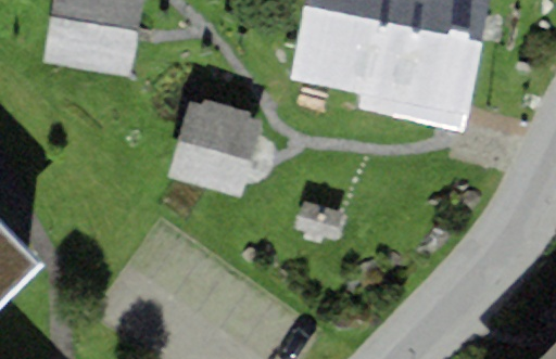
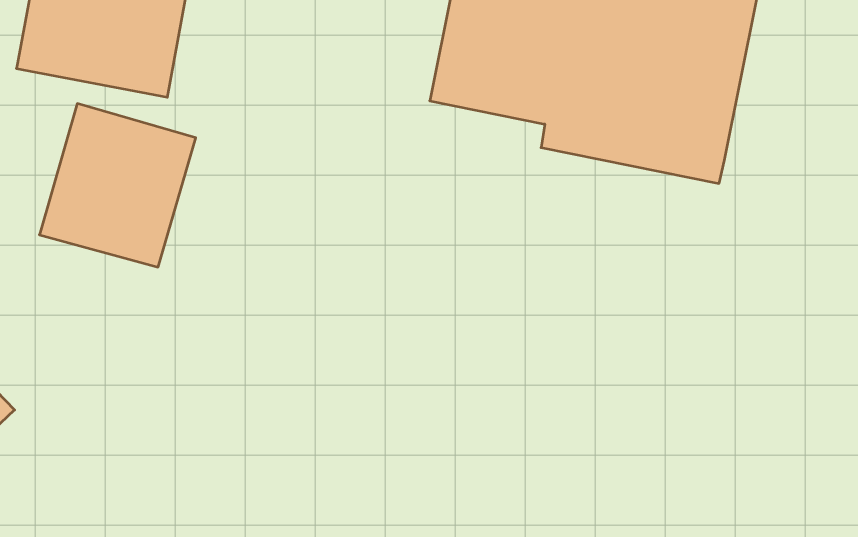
building: [168,100,263,198] -> [39,104,196,267]

